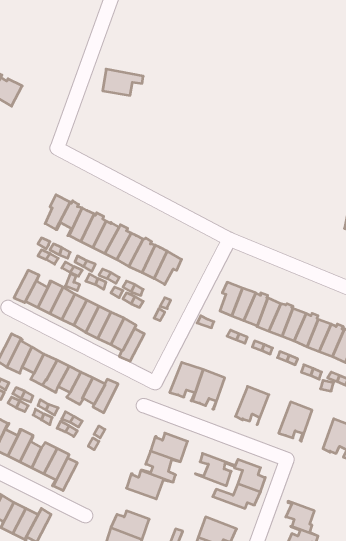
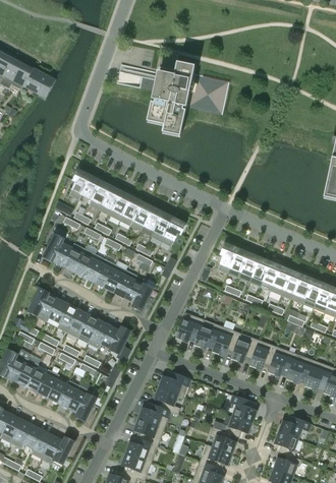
building: none -> [146,63,228,137]
building: none -> [212,325,240,358]
building: none -> [248,340,277,372]
building: none -> [286,353,314,385]
building: [195,453,235,486] -> [205,426,238,454]
building: none -> [275,416,310,438]
building: none -> [133,419,163,445]

